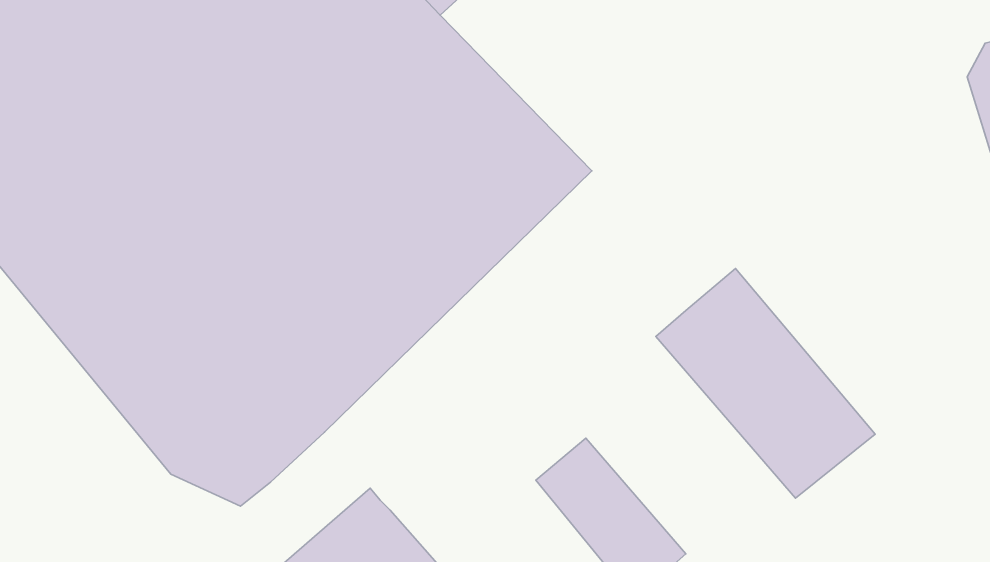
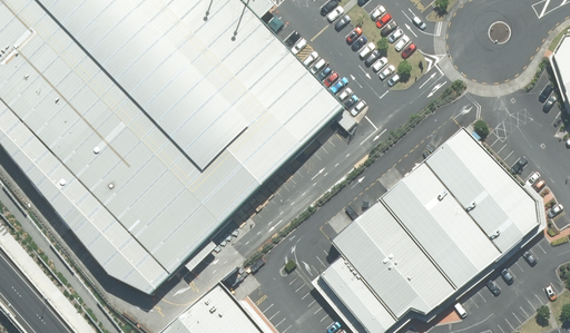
building: none -> [423,127,538,254]
building: none -> [327,199,456,321]

